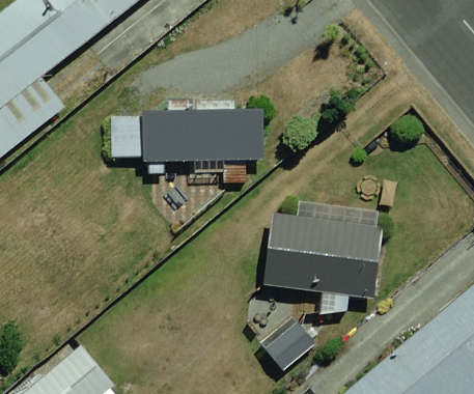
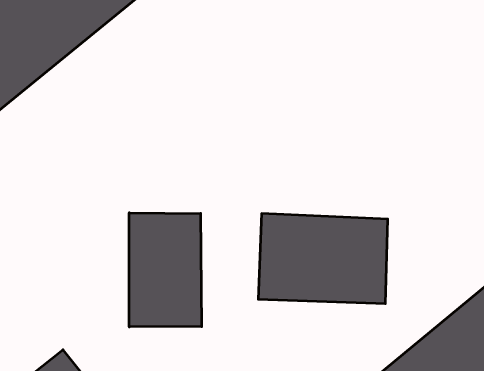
building: [134,110,261,165] -> none
building: none -> [129,213,202,327]

